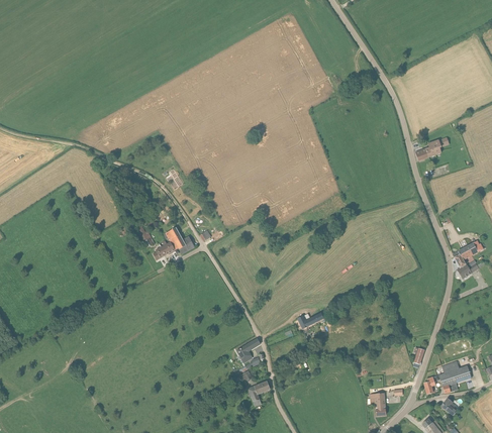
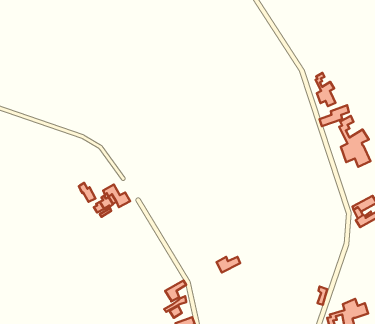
building: none -> [316,73,336,106]
building: none -> [339,116,370,167]

